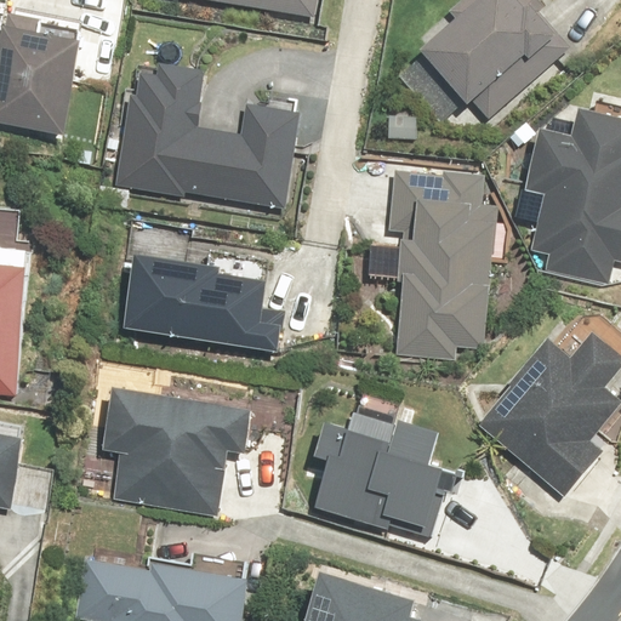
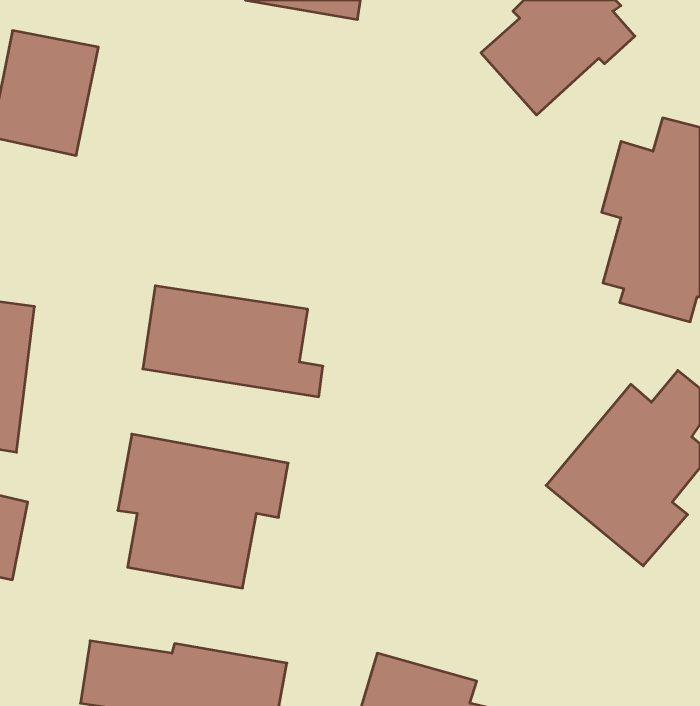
building: [115,63,298,211] -> none
building: [387,167,497,360] -> none
building: [312,398,443,540] -> none

